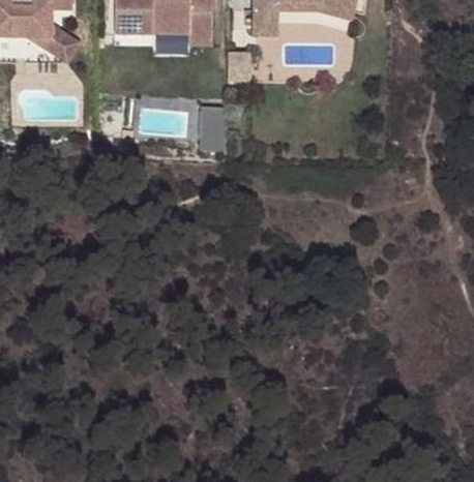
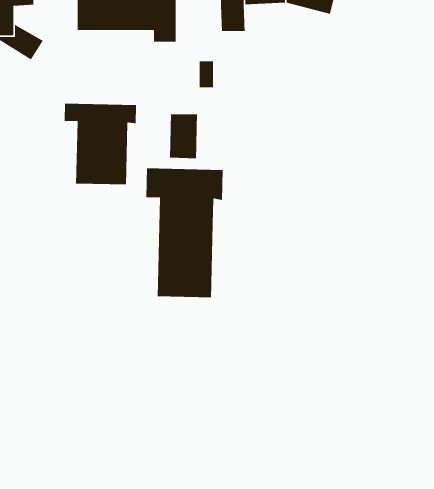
building: none -> [64,103,137,185]
building: none -> [145,168,224,298]

